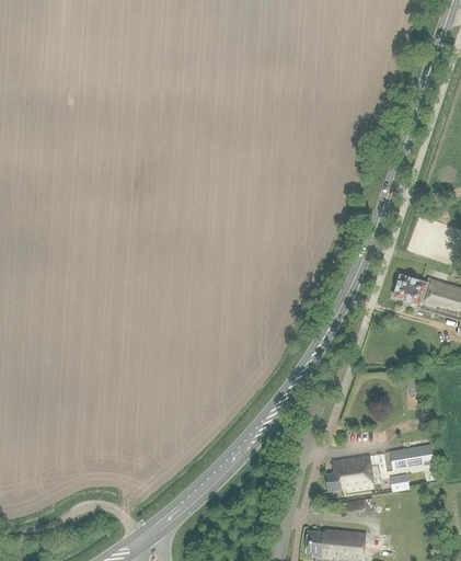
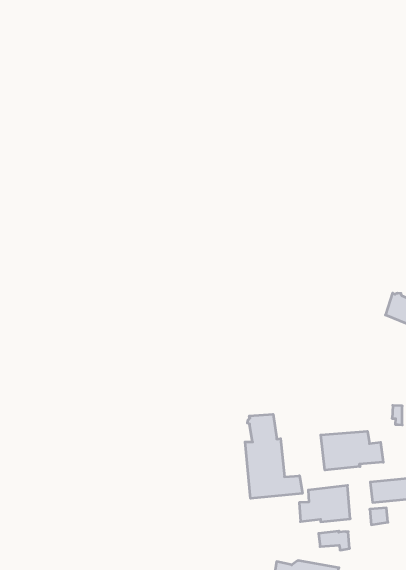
building: none -> [245,414,302,498]
building: none -> [321,431,383,470]

